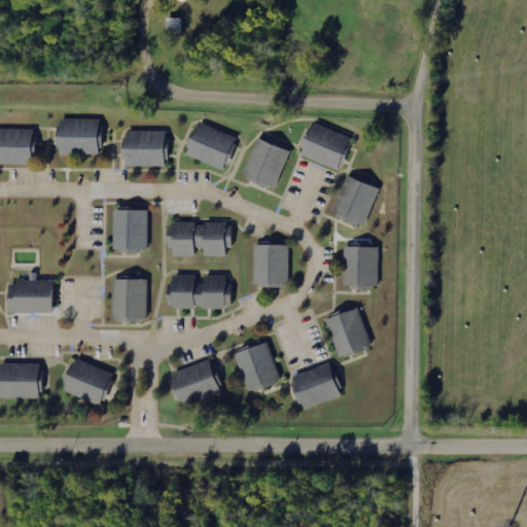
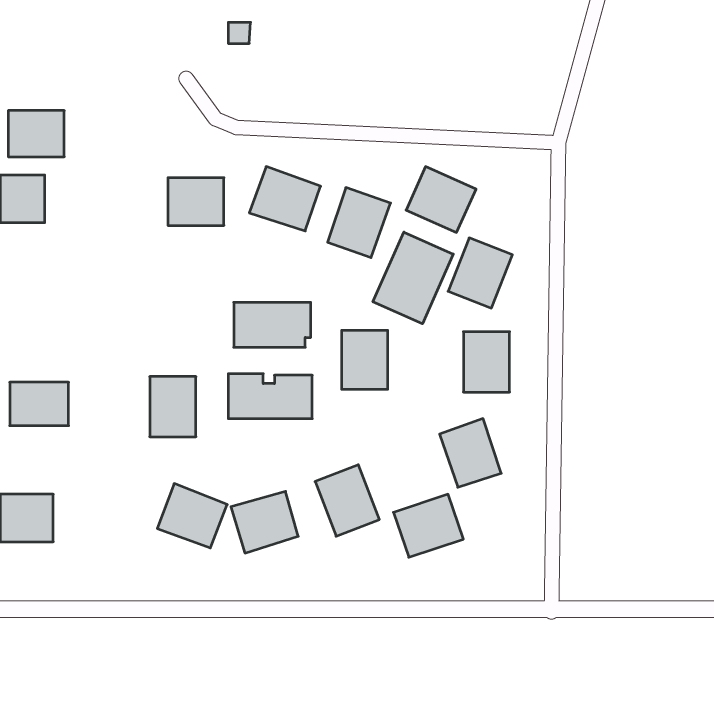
building: [58,119,99,153] -> [8,111,64,157]
building: none -> [373,232,453,324]
building: [111,208,146,252] -> none
building: [62,359,113,407] -> [157,484,227,548]

